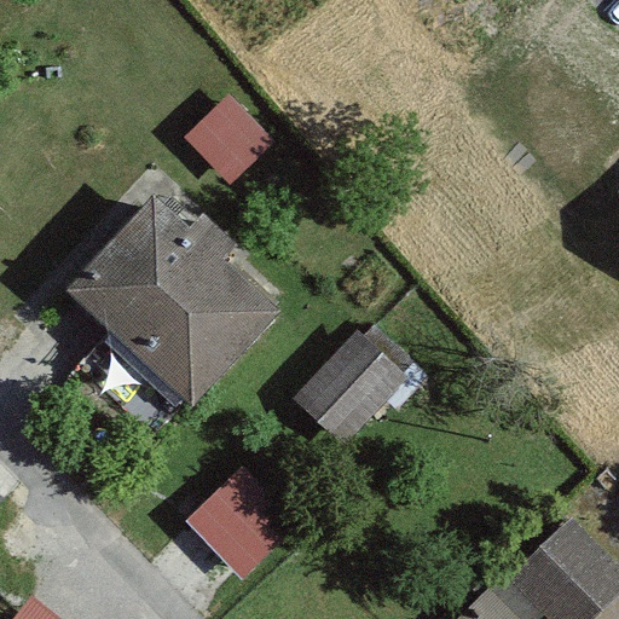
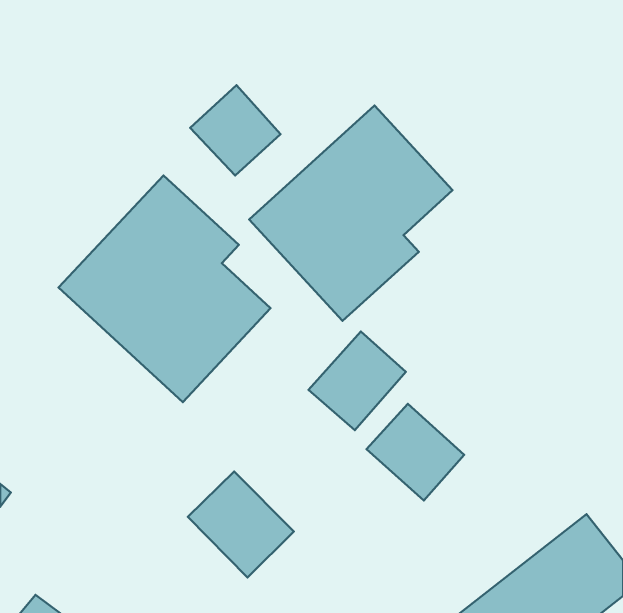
building: none -> [249,105,453,321]
building: none -> [366,404,464,500]

